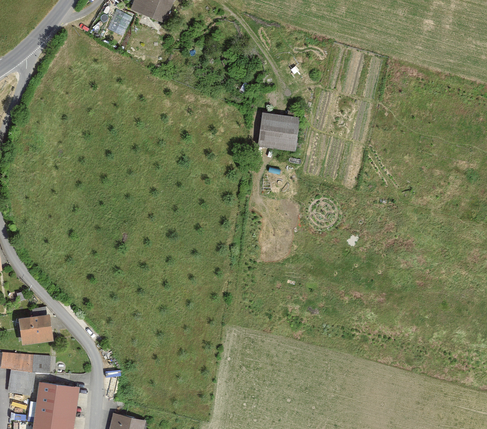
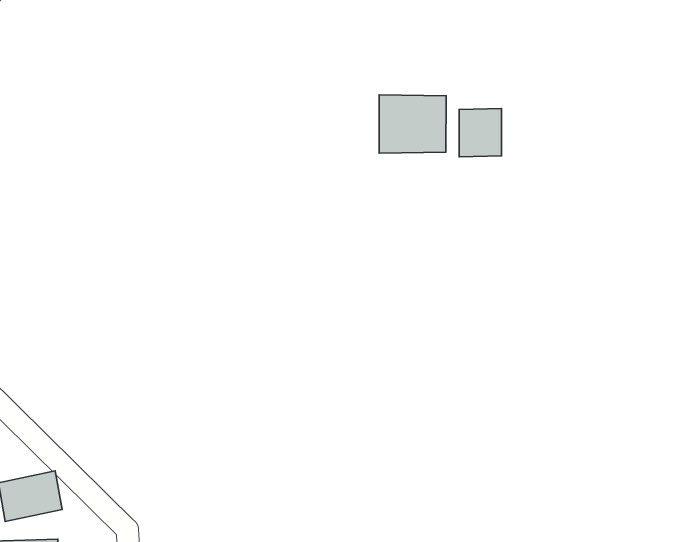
building: none -> [459,108,502,157]

